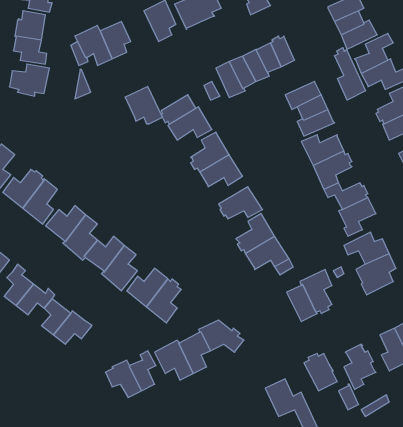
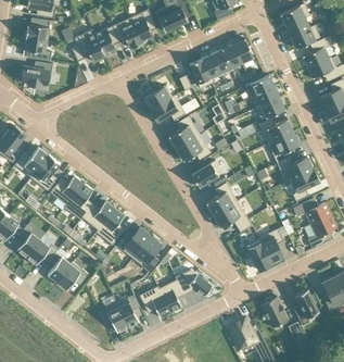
building: [334,48,365,100] -> none
building: [125,86,162,124] -> [112,16,142,47]

